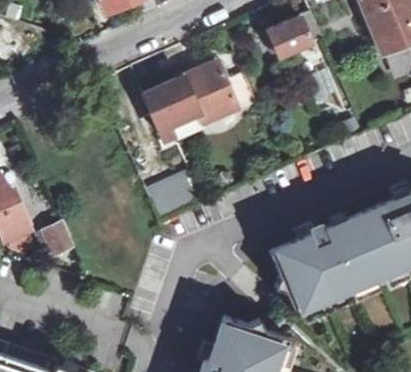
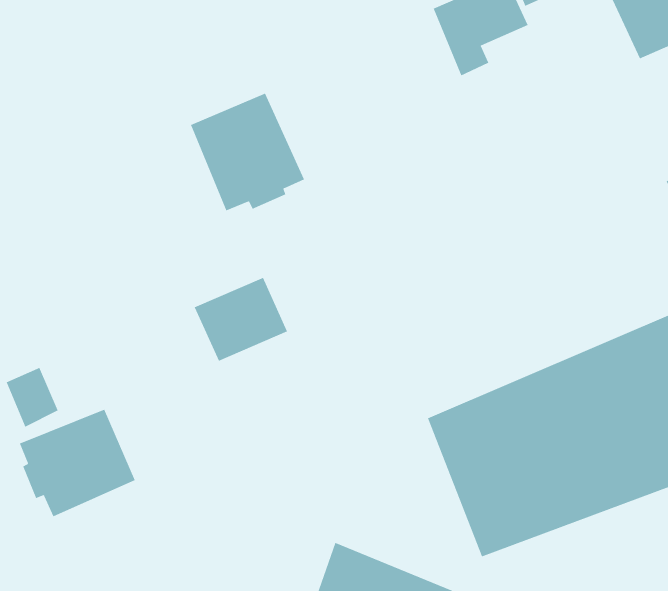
building: [183,60,256,122] -> none
building: none -> [19,409,136,517]

